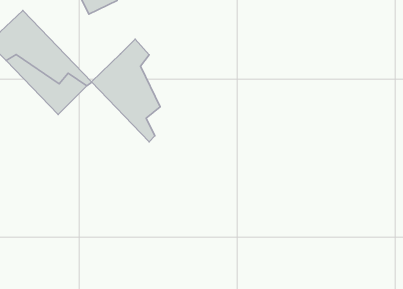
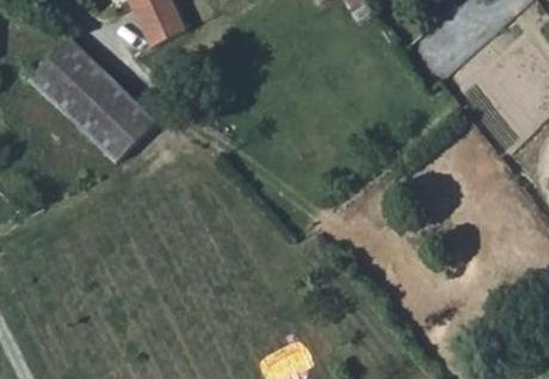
building: [91,39,160,142] -> none

